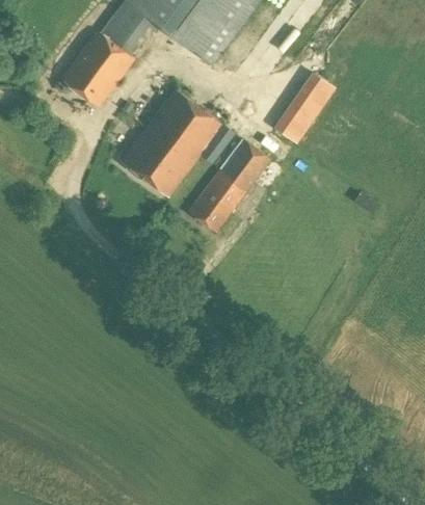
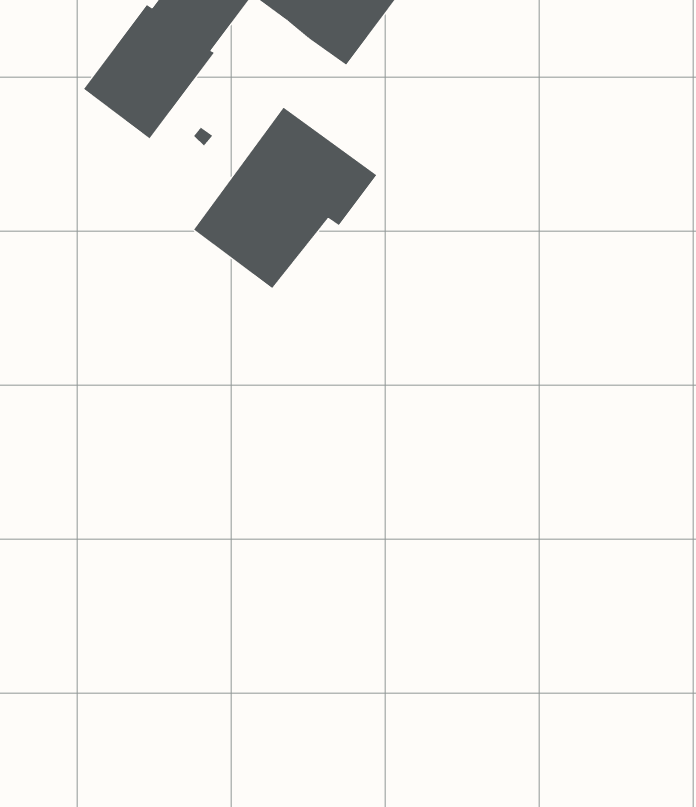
building: [274,73,335,142] -> none
building: [189,129,270,231] -> none

